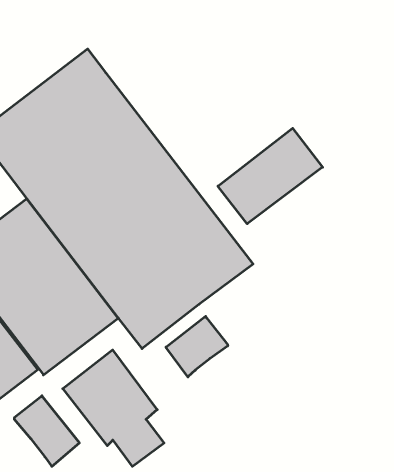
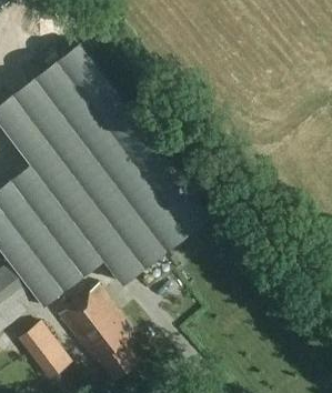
building: [218,128,323,224] -> none
building: [166,316,228,377] -> none

